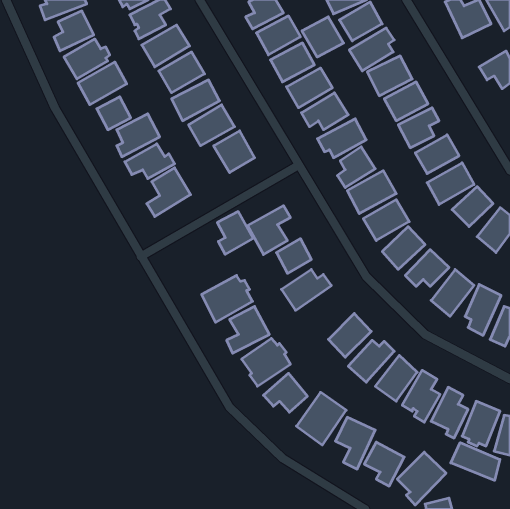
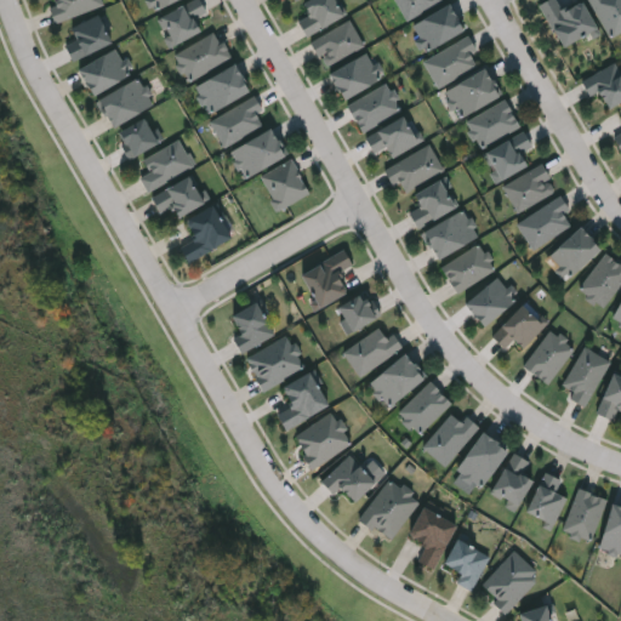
building: [302,17,344,57] -> none
building: [217,212,253,254] -> [230,302,274,354]
building: none -> [374,357,423,403]
building: [451,443,500,480] -> none

